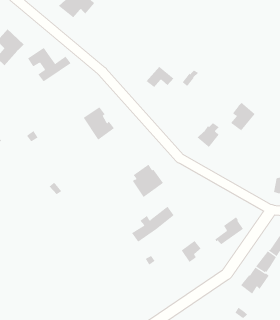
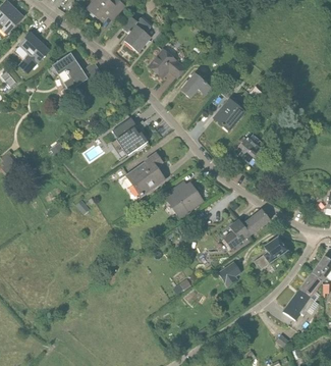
building: none -> [122,16,151,51]
building: none -> [149,49,185,77]
building: [230,102,256,131] -> [217,98,244,129]
building: none -> [125,153,164,197]
building: [131,206,174,243] -> [222,209,269,249]

